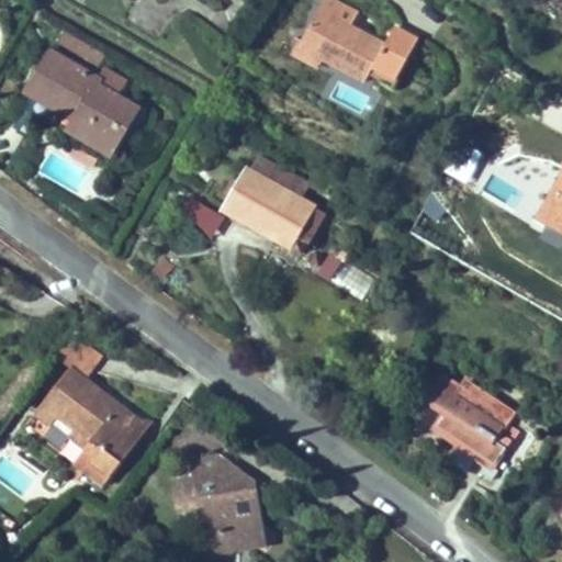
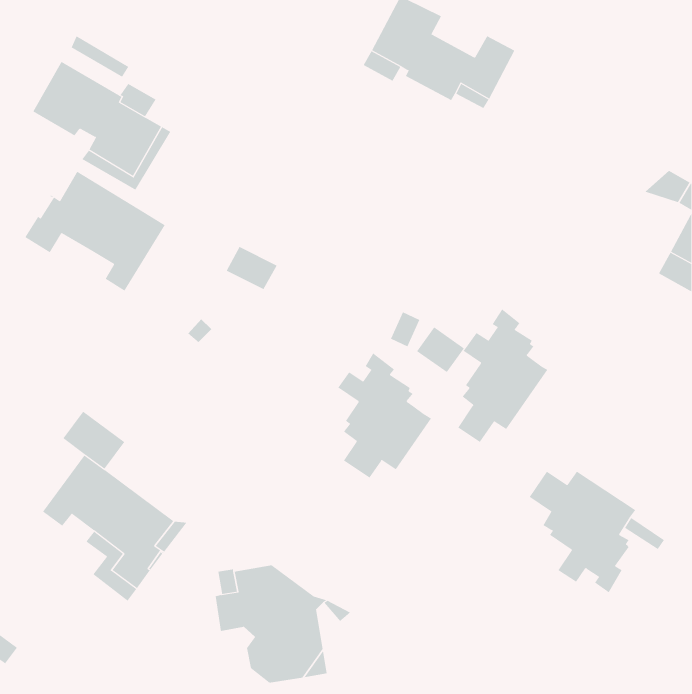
building: none -> [25,171,165,291]
building: [222,155,323,254] -> none
building: none -> [458,309,548,443]
building: none -> [338,353,432,479]

